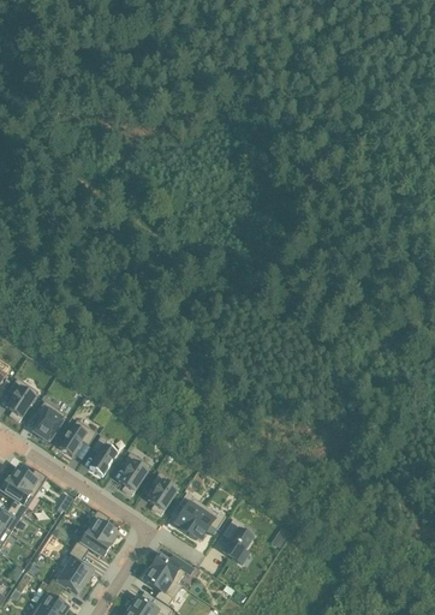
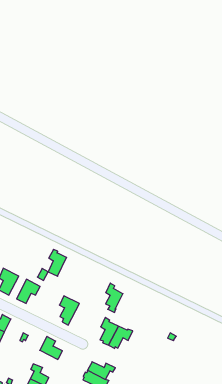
building: [88,436,118,477] -> [48,249,67,276]
building: [148,471,175,515] -> [106,283,123,312]
building: [221,519,252,563] -> none
building: [71,529,109,557] -> none

